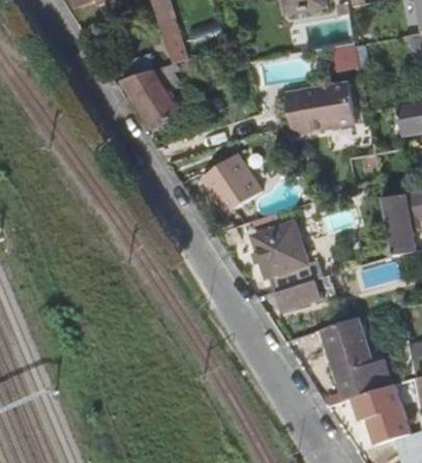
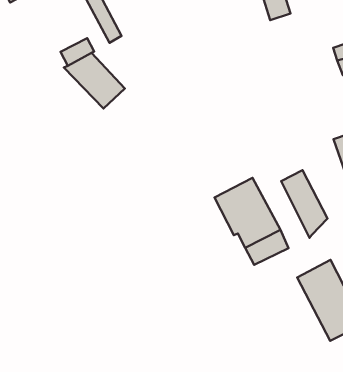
building: [284,82,355,134] -> none
building: [201,155,261,216] -> none
building: none -> [281,170,327,238]

